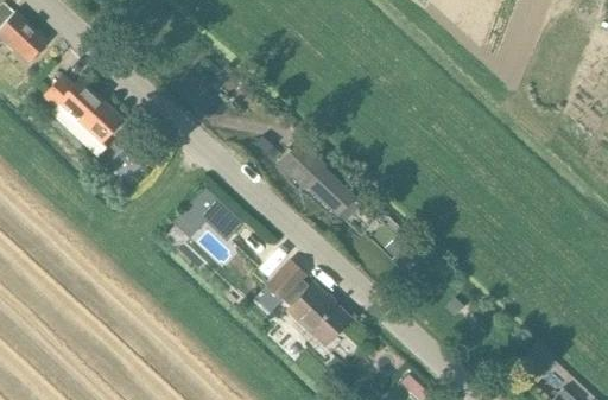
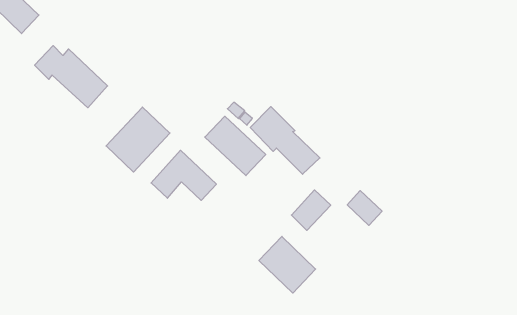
building: none -> [106,107,170,172]
building: none -> [205,116,266,176]
building: [266,260,309,304] -> [291,190,331,230]

